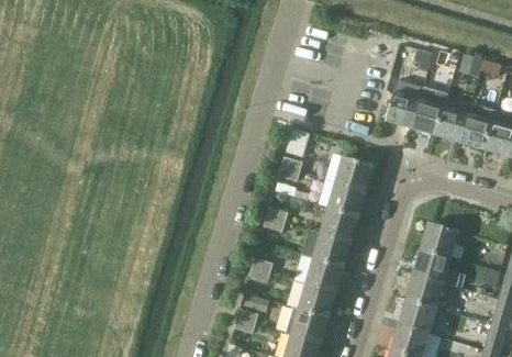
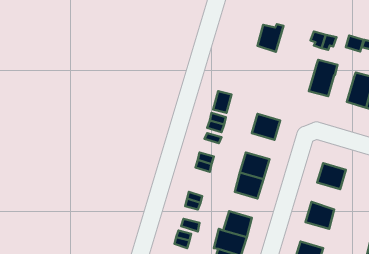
building: [386,91,420,127] -> [257,24,283,52]
building: [435,107,469,142] -> none
building: [327,182,365,216] -> none
building: [413,247,459,286] -> none
building: [305,259,343,293] -> none
building: [399,299,436,333] -> none

